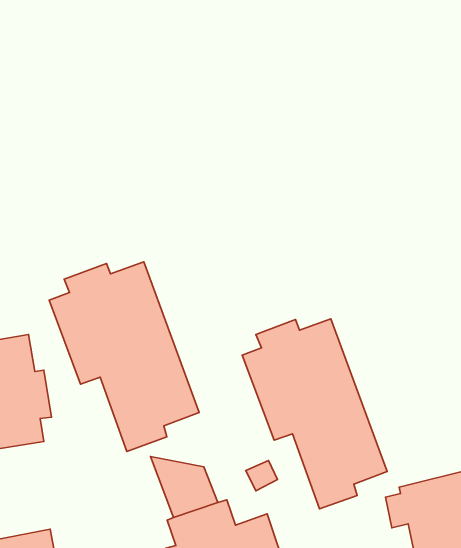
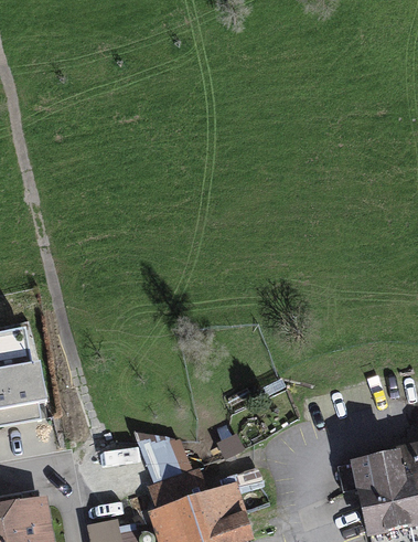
building: [49,262,199,451] -> none
building: [242,319,387,509] -> none

